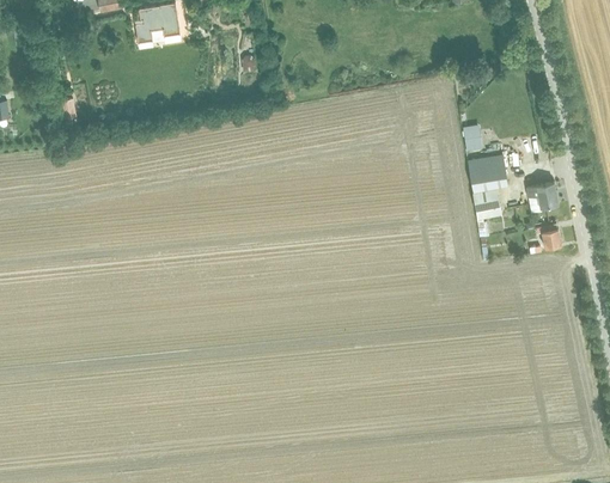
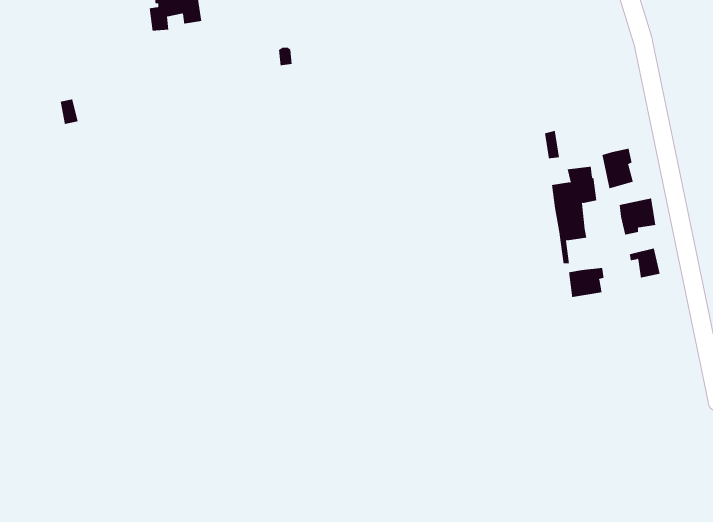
building: none -> [602,148,633,189]
building: none -> [568,267,604,298]

